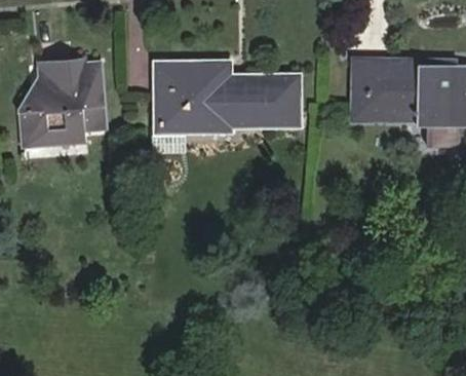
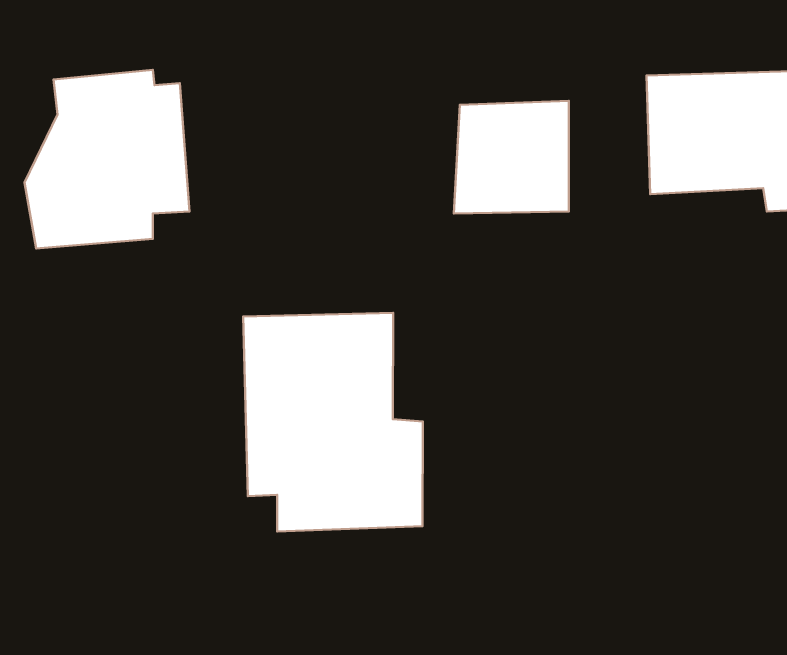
building: [159,60,248,136] -> none
building: none -> [243,313,423,531]

